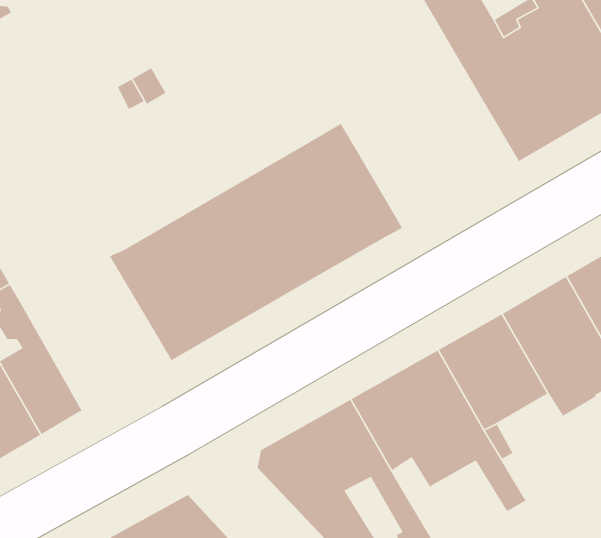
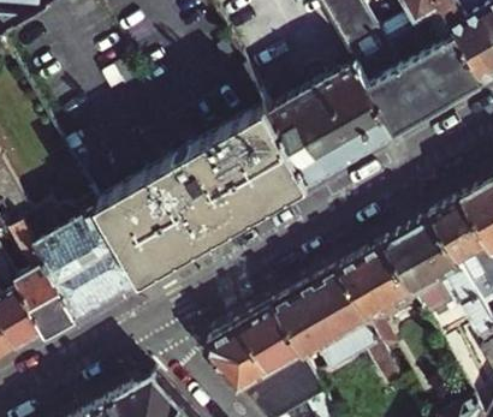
building: none -> [273,65,398,183]
building: none -> [34,199,144,316]

